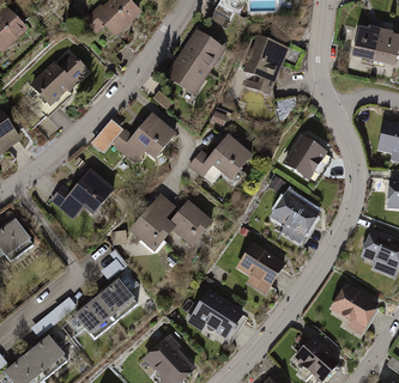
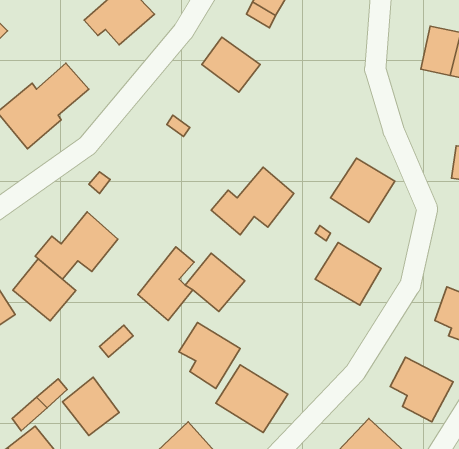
building: [237,37,286,97] -> none
building: [164,54,208,97] -> none
building: [110,114,176,165] -> none
building: none -> [13,259,76,321]
building: [237,239,285,291] -> [179,323,240,388]
building: [95,281,137,326] -> none

